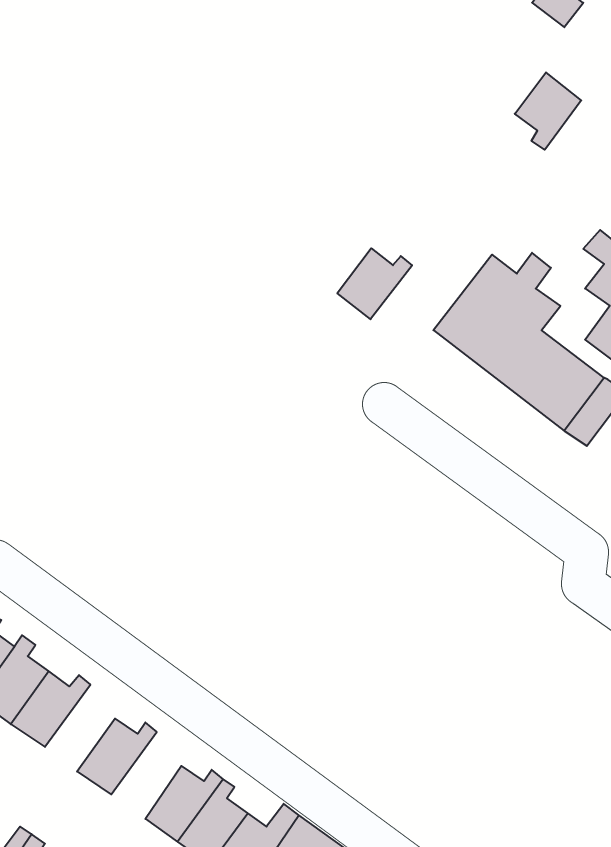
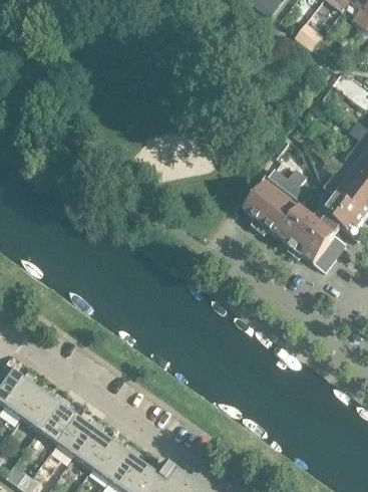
building: [515,72,581,150] -> none
building: [337,248,412,319] -> none
building: none -> [38,397,75,443]
building: none -> [73,422,110,468]

